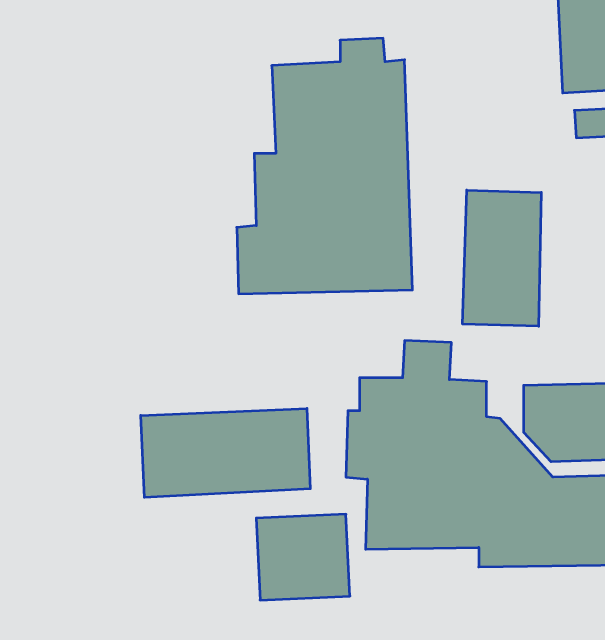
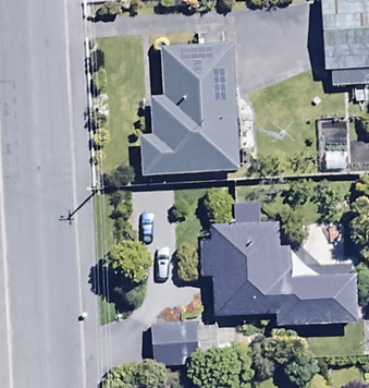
building: [463,190,541,326] -> none
building: [141,408,310,497] -> none

